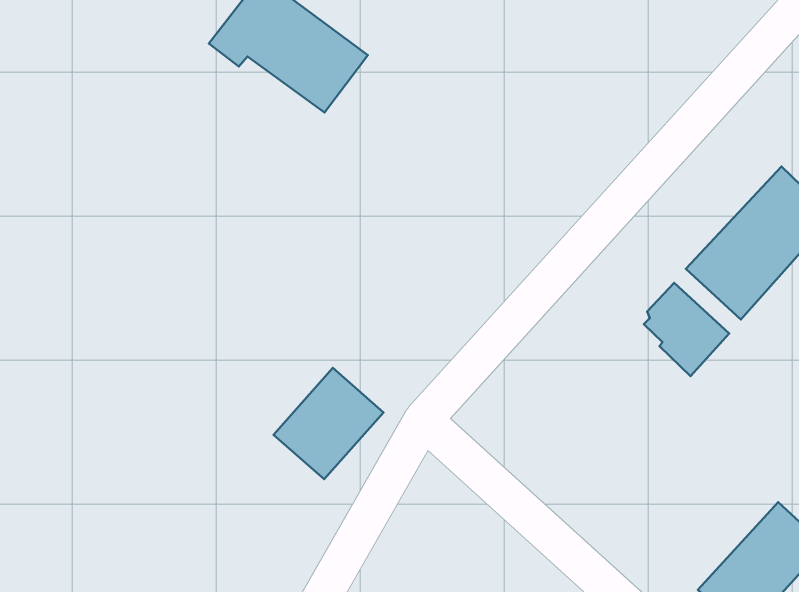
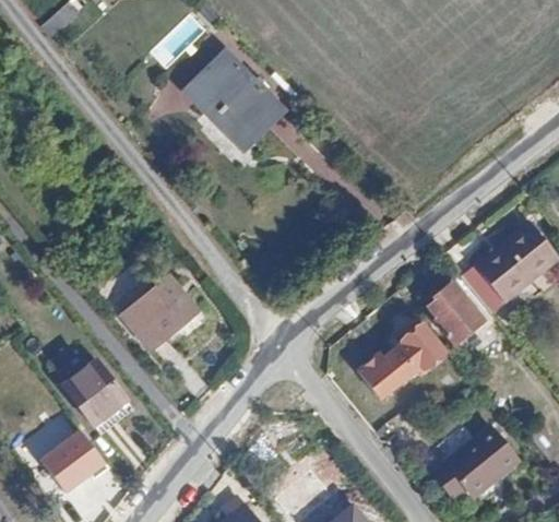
building: none -> [357,325,444,400]
building: [273,368,383,479] -> [126,284,197,353]
building: none -> [63,357,127,420]

